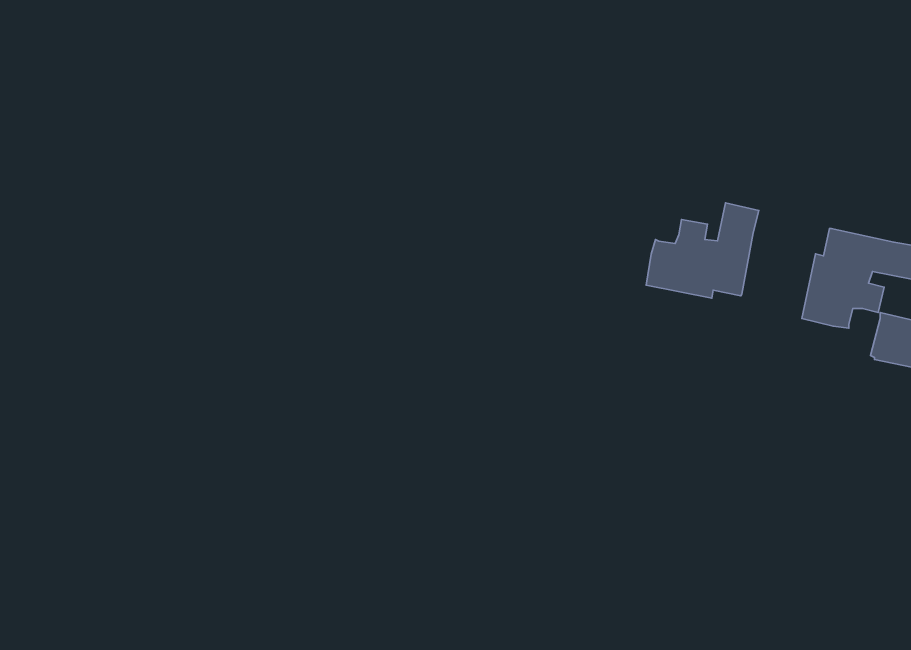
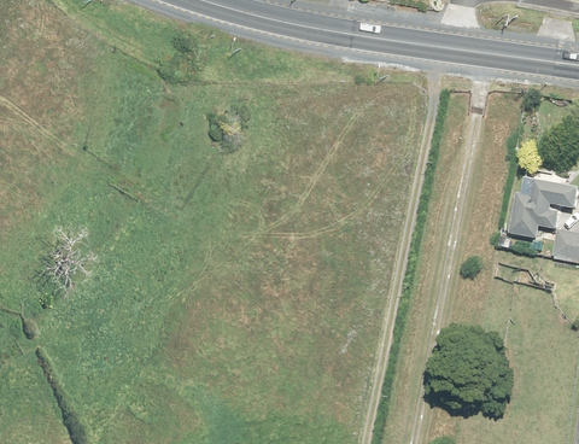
building: [646,203,759,298] -> none

